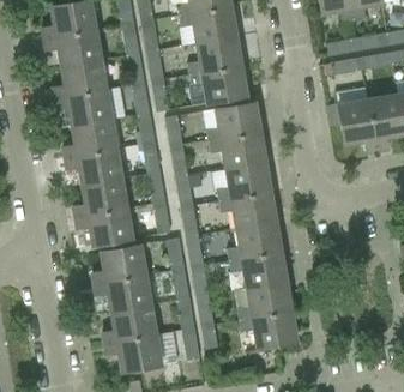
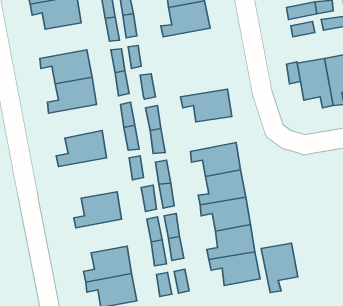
building: [53,60,107,99] -> none
building: [191,66,247,103] -> none
building: [207,103,261,141] -> none
building: [65,150,123,187] -> none
building: [218,163,271,201] -> none
building: [76,209,134,247] -> none
building: [95,276,151,313] -> none
building: none -> [261,243,298,292]

